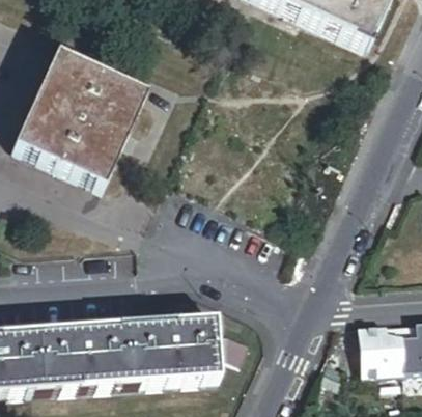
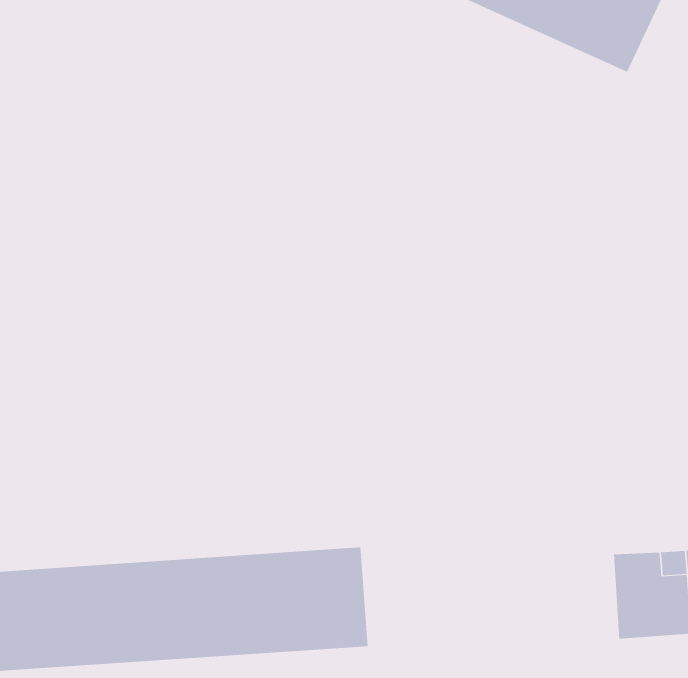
building: [12,57,142,188] -> none

